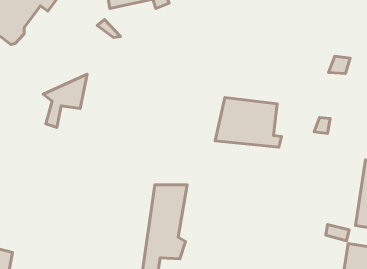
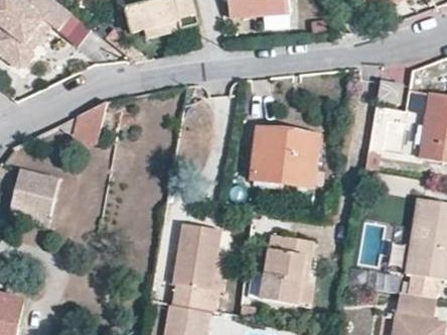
building: none -> [13,174,53,217]
building: none -> [259,238,308,305]

